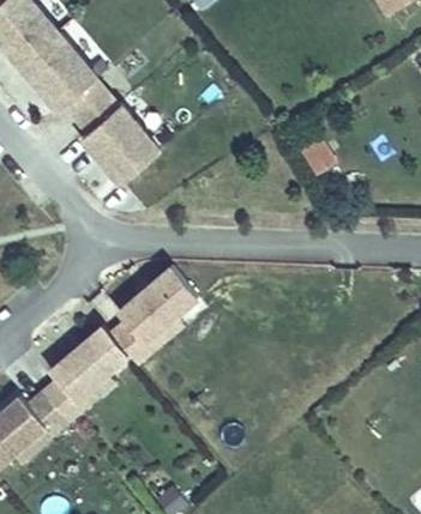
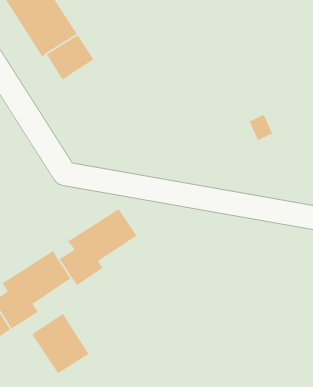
building: [82,103,158,182] -> none
building: none -> [31,313,90,374]

